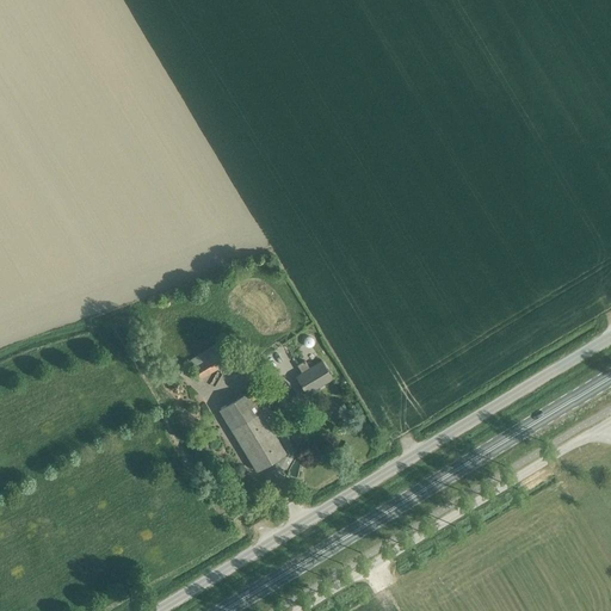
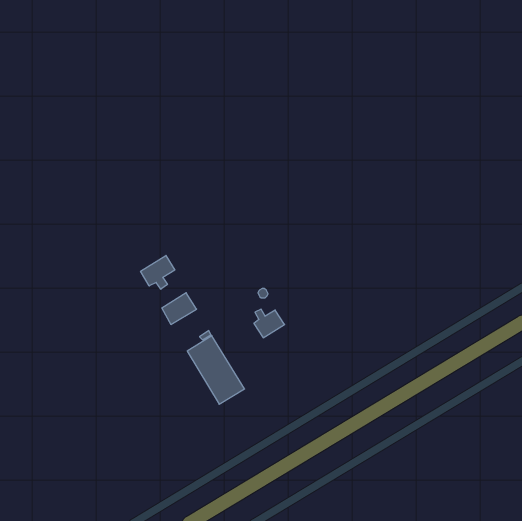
building: none -> [141,255,175,289]

